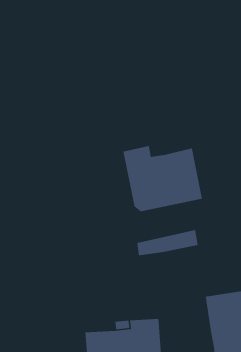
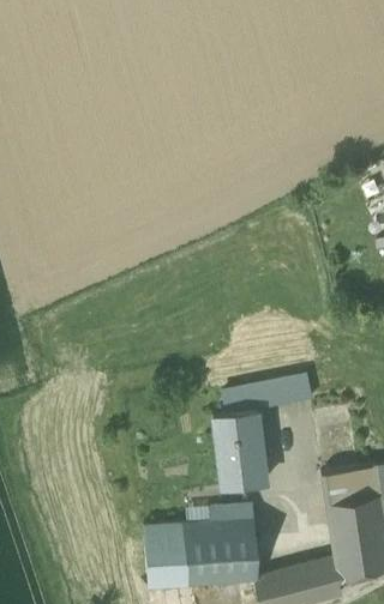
building: [123,145,203,212] -> none
building: none -> [211,411,263,490]

